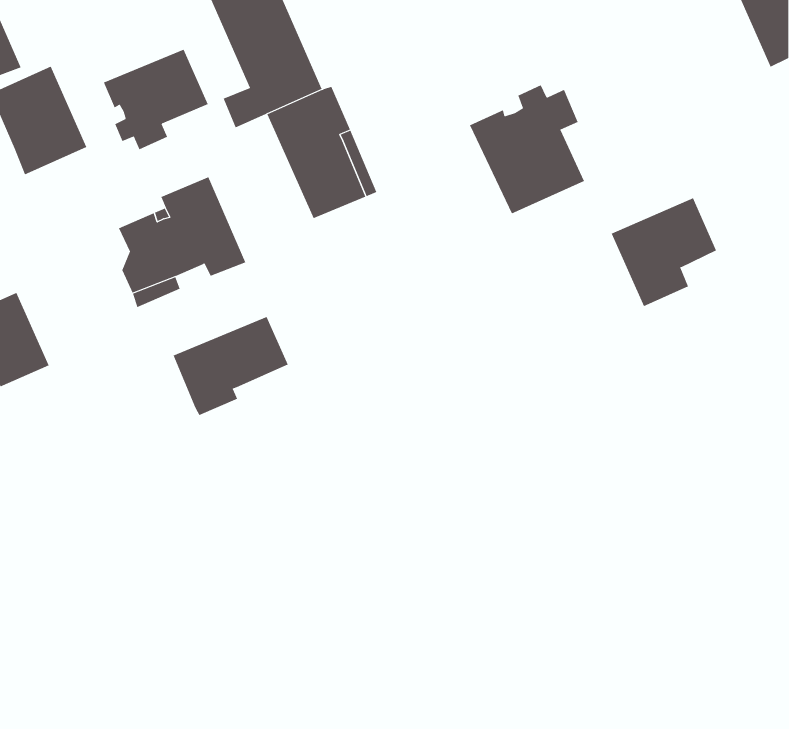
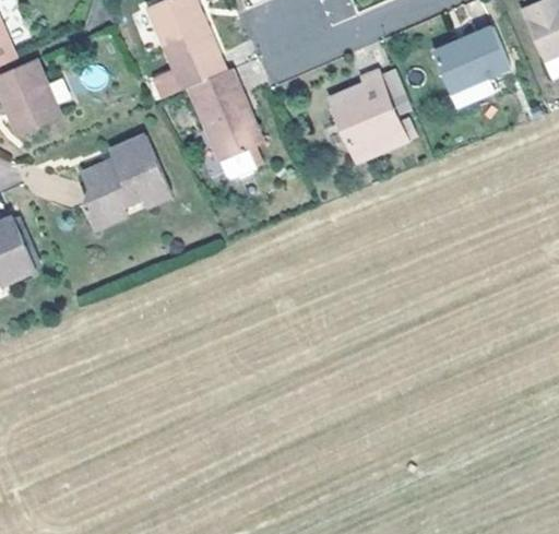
building: [103,49,208,150] -> none
building: [611,197,717,307] -> [435,26,509,103]
building: [173,316,289,416] -> none

